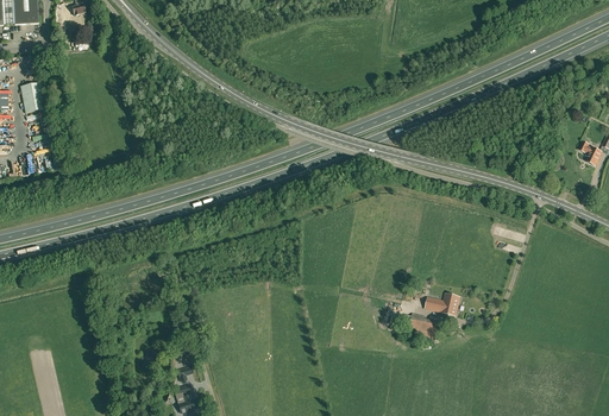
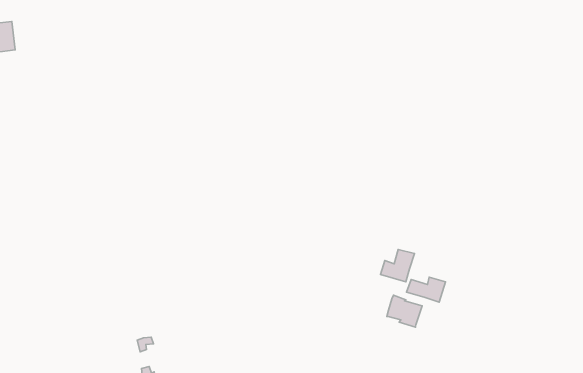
building: none -> [381,250,414,282]

